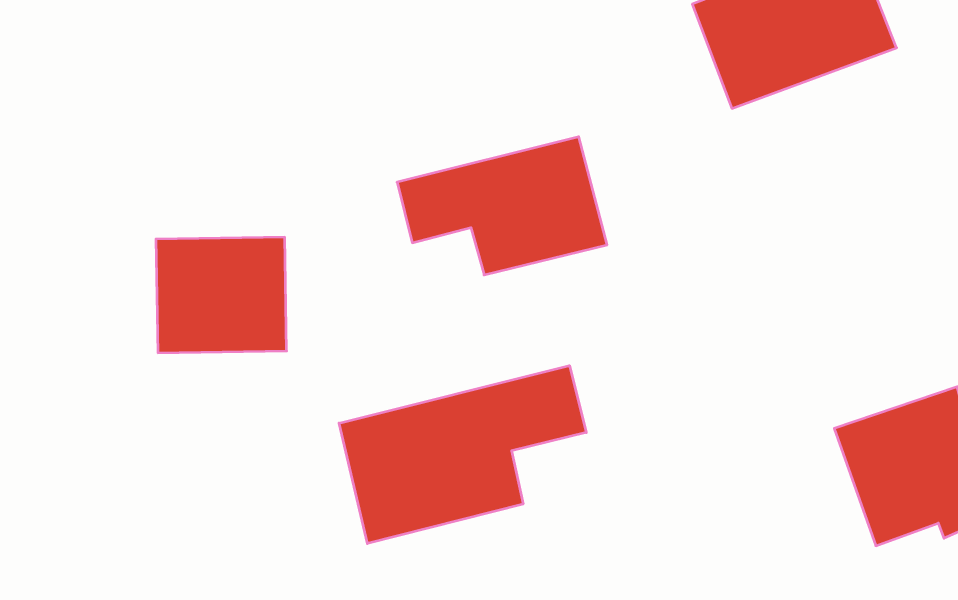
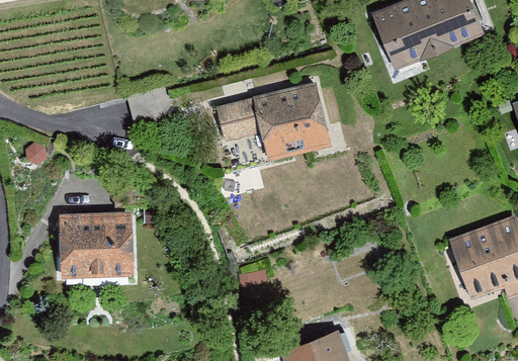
building: [156,237,287,353] -> [60,213,130,275]
building: [339,366,586,544] -> none

